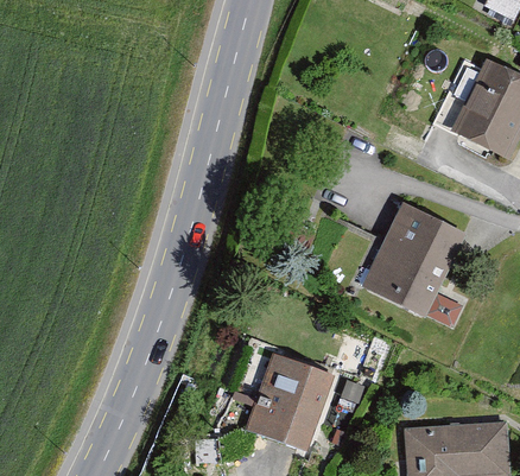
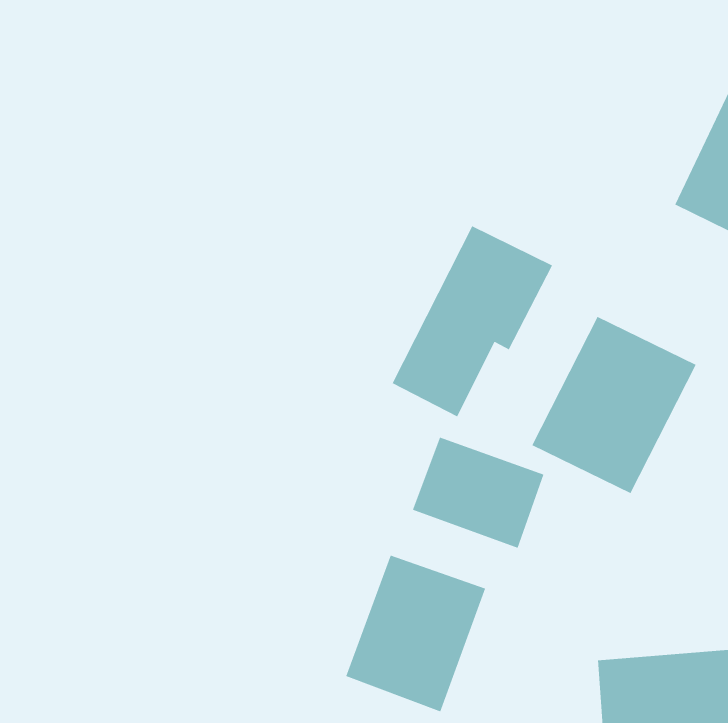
building: none -> [392,225,553,418]
building: none -> [412,437,544,549]

